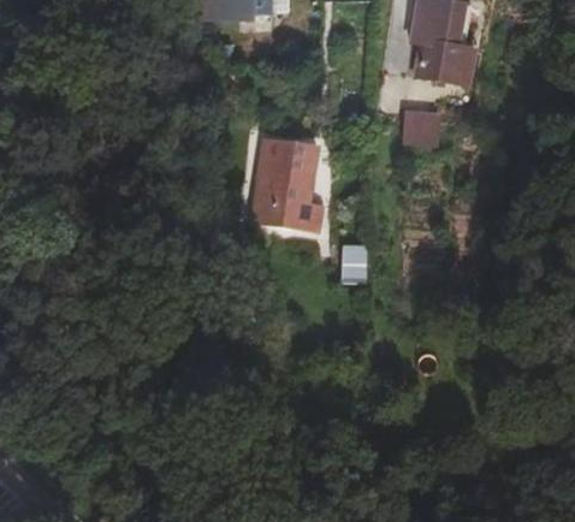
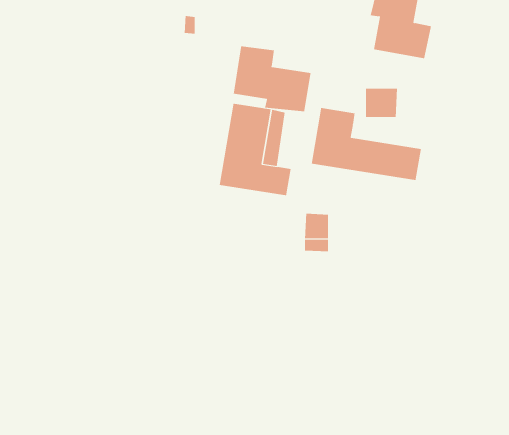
building: none -> [233,46,311,112]
building: none -> [311,107,421,181]

